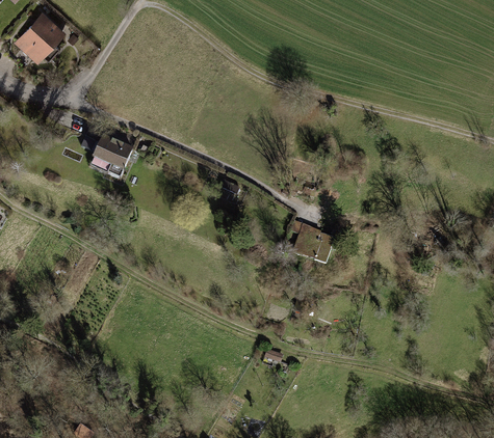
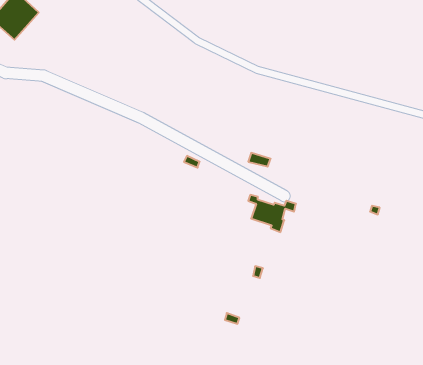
building: [90,137,132,174] -> none

